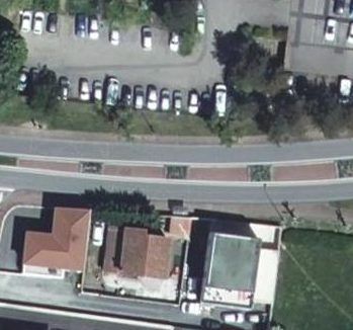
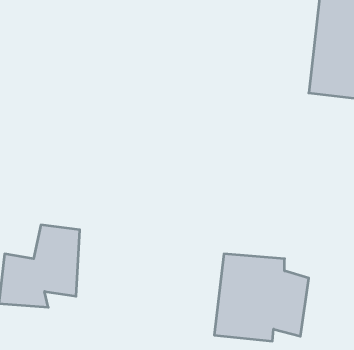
building: [106,226,169,274] -> none

